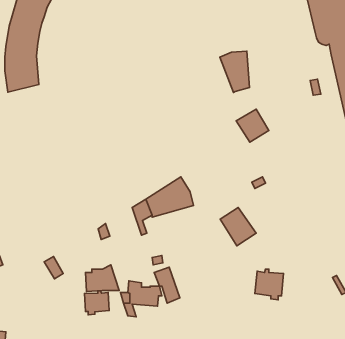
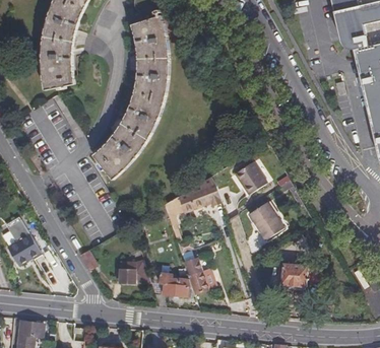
building: none -> [94,17,170,183]
building: [220,51,250,93] -> none
building: [236,109,269,142] -> [237,161,268,193]
building: [84,291,109,315] -> none

